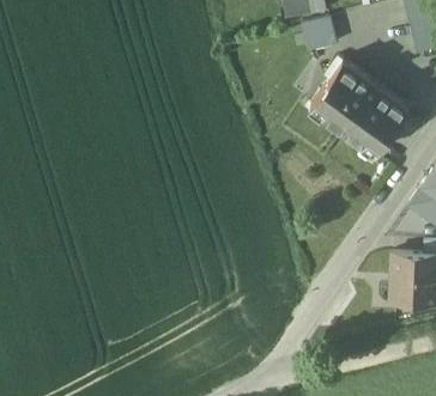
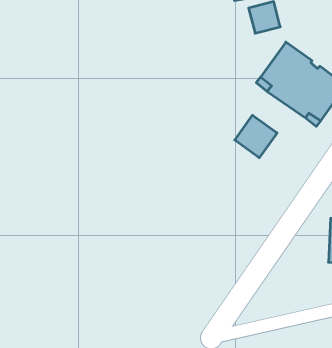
building: none -> [235,115,277,158]

